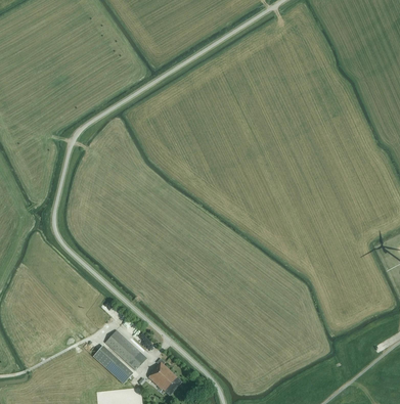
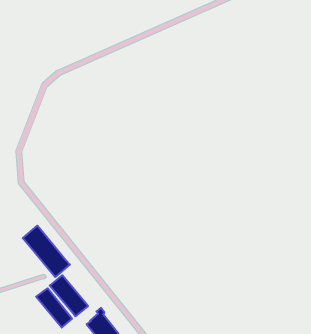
building: none -> [23,226,70,277]

